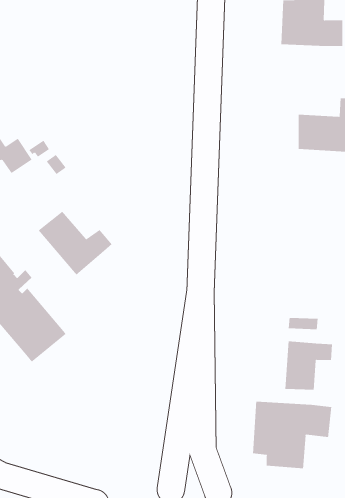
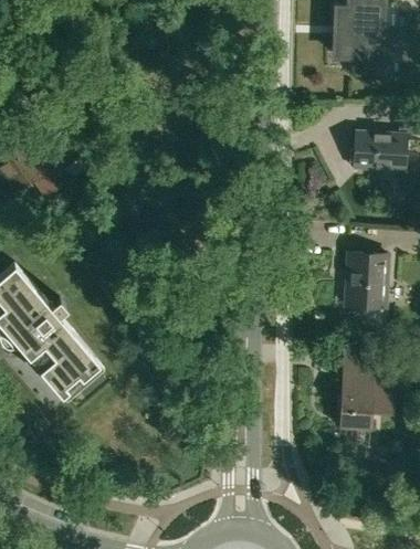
building: [38,211,113,276] -> none
building: none -> [345,253,387,323]
building: [253,401,332,469] -> none

